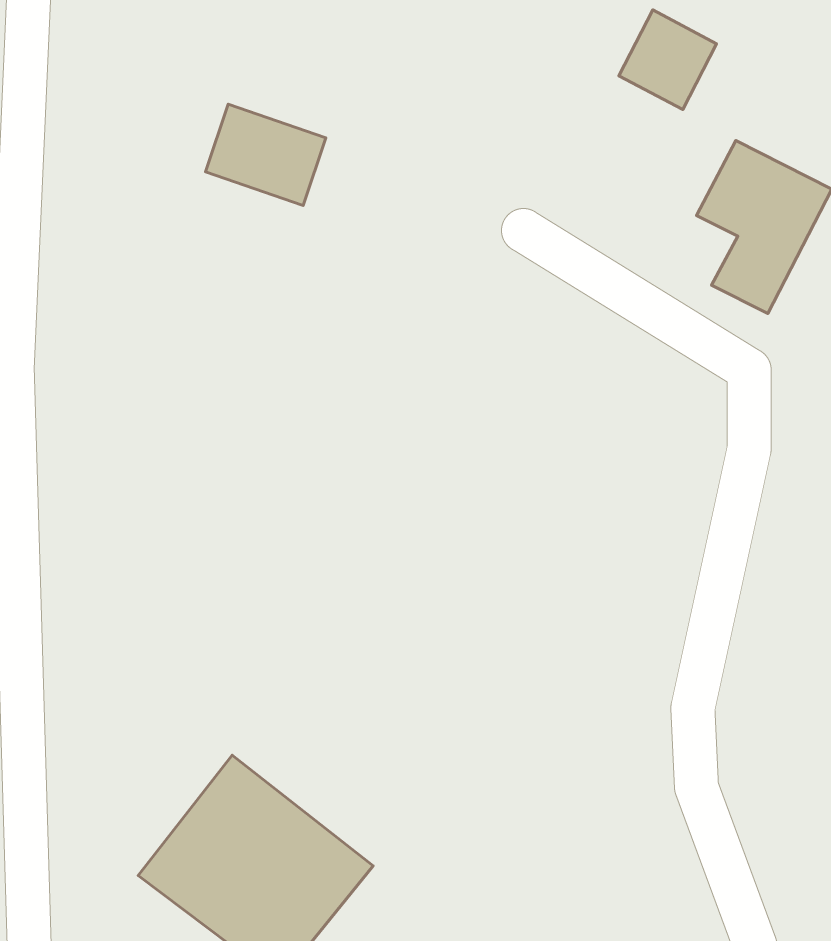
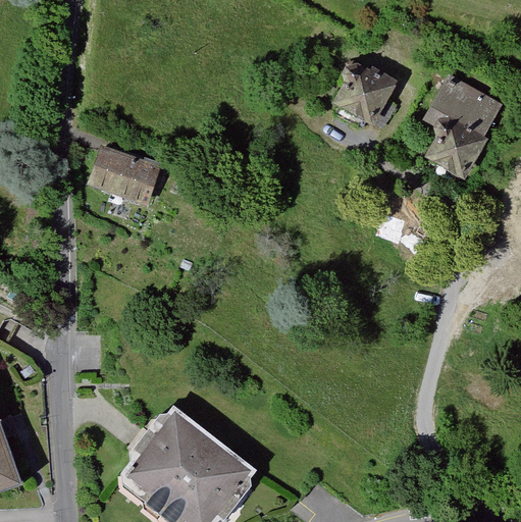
building: [619,10,717,110] -> [340,67,393,121]
building: [206,104,326,206] -> [92,147,157,202]

